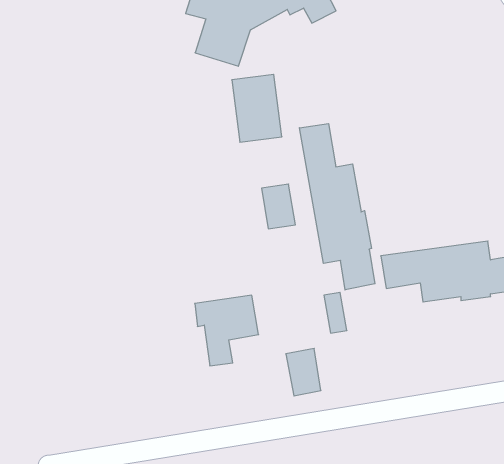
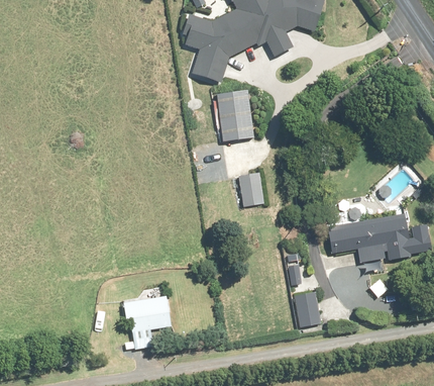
building: [299,124,375,290] -> none
building: [195,295,259,366] -> [123,296,171,349]
building: [286,348,321,396] -> [294,291,320,326]

